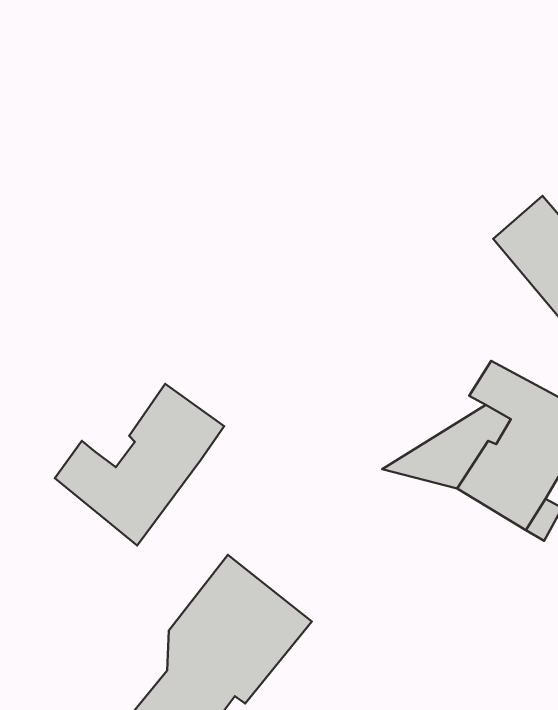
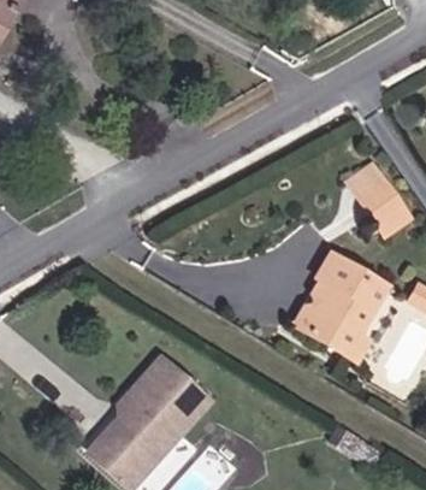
building: [55,384,224,545] -> none

